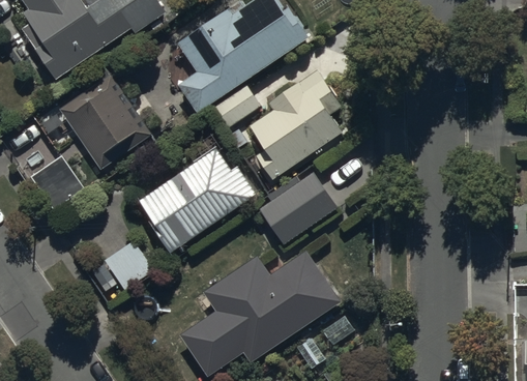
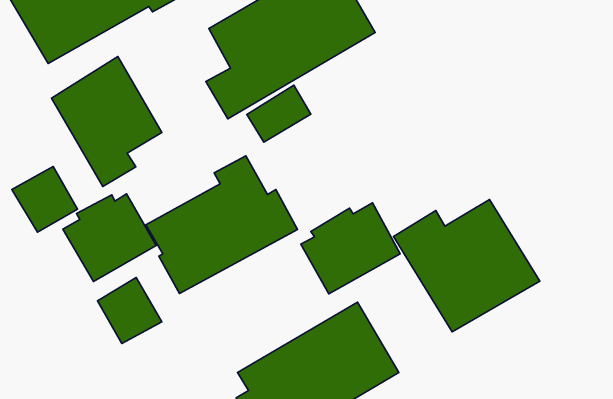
building: [248,68,343,181] -> none
building: none -> [393,199,540,332]
building: none -> [63,194,156,282]

